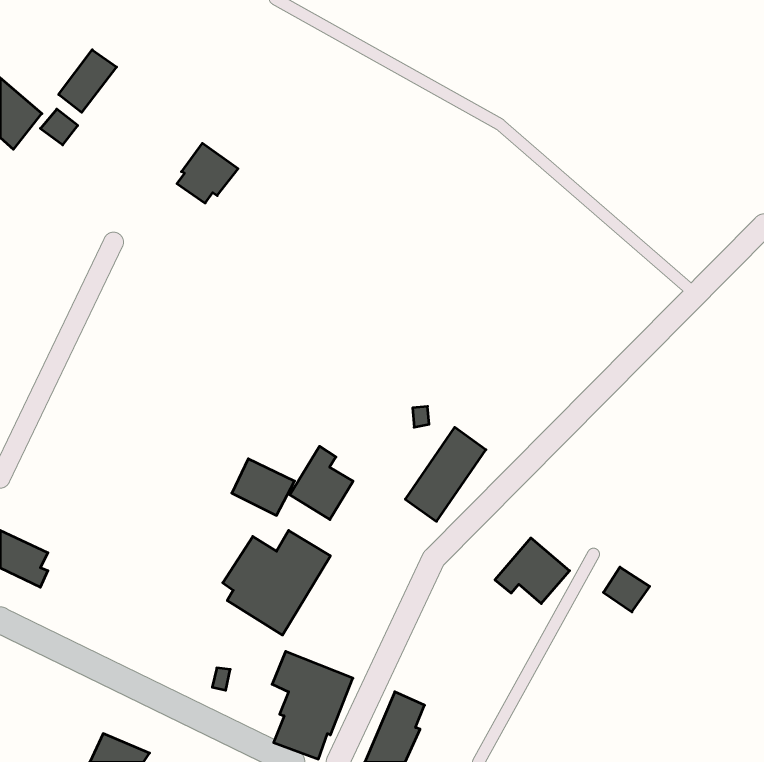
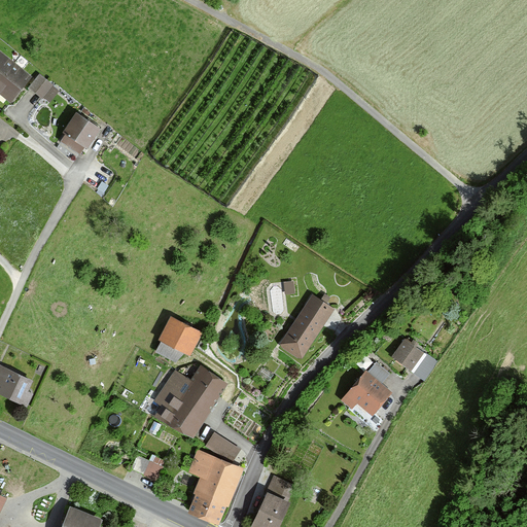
building: [59,50,117,112] -> none
building: [177,143,238,203] -> [60,112,102,153]
building: [290,446,353,520] -> none
building: [603,567,650,612] -> [392,339,424,370]
building: none -> [205,432,241,461]

